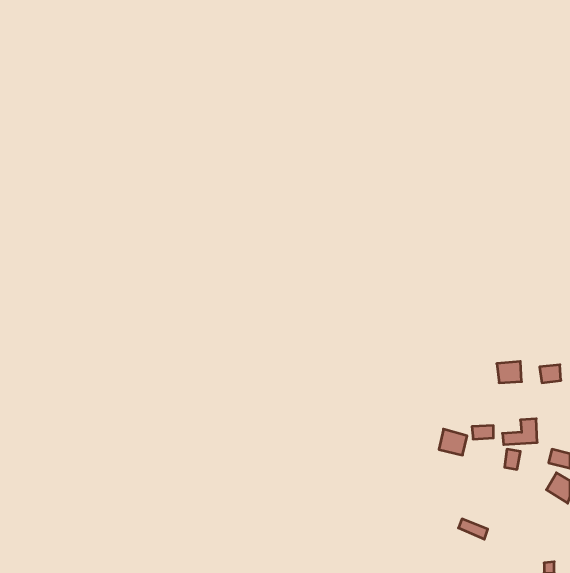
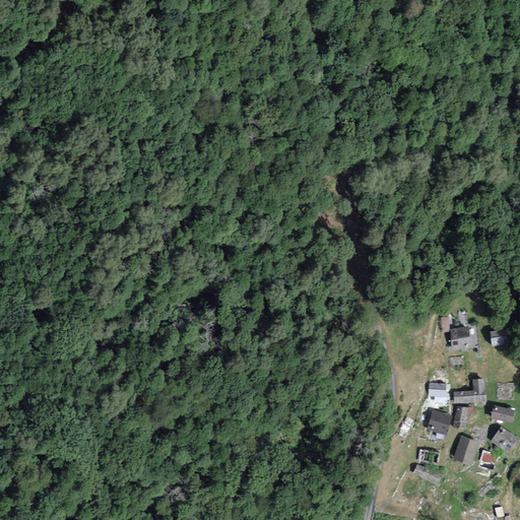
building: [439,429,467,455] -> [427,411,452,435]
building: none -> [454,436,476,462]

